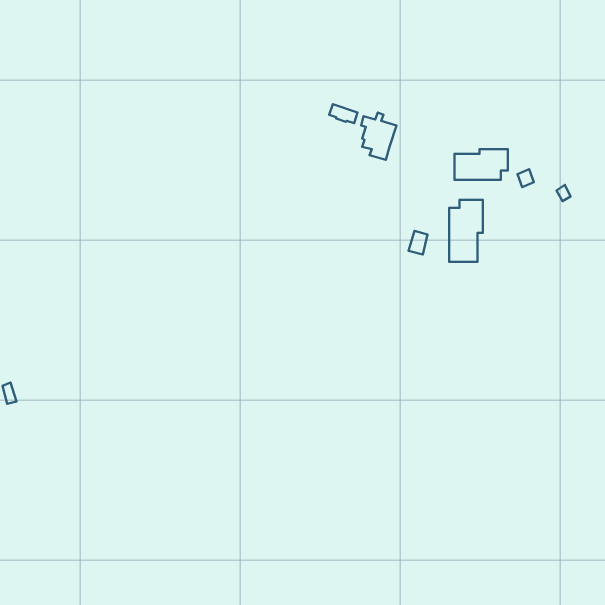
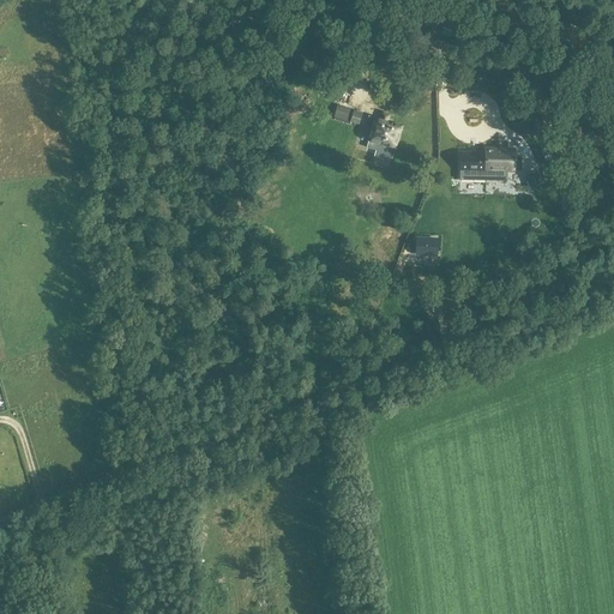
building: [449,200,483,262] -> none

